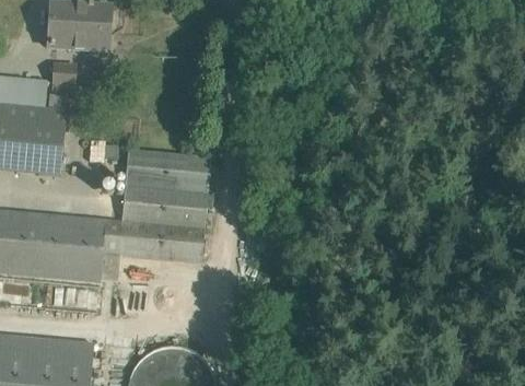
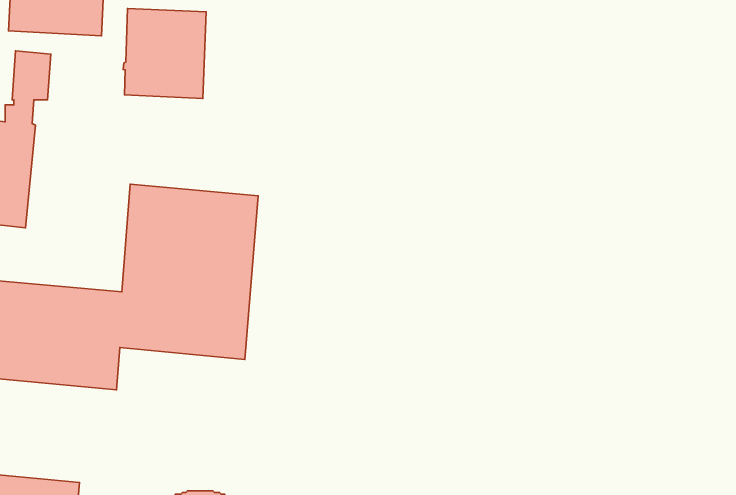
building: none -> [123,8,206,99]

